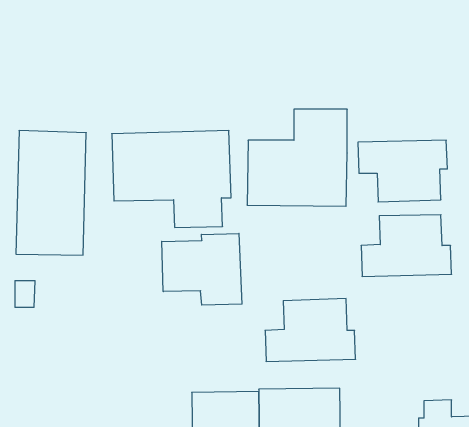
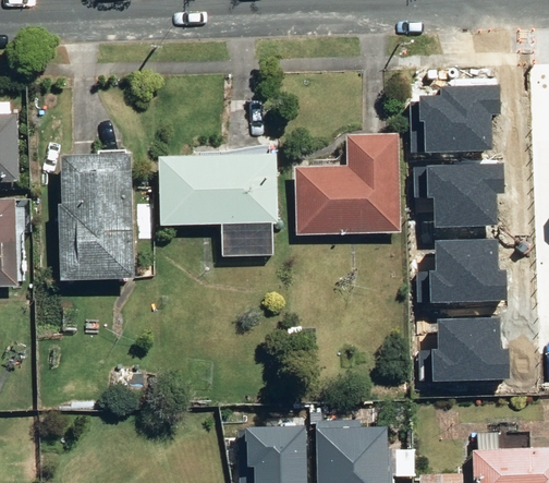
building: none -> [408,85,499,153]
building: [162,233,242,305] -> none
building: [265,299,356,361] -> [416,318,509,383]

